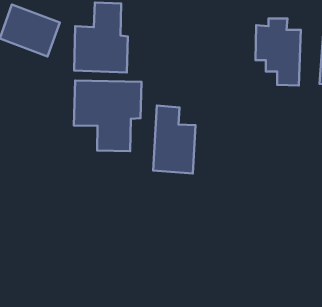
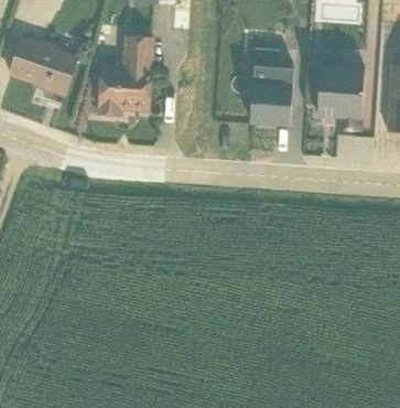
building: [74,81,141,151] -> none
building: [153,106,196,173] -> [252,46,302,126]

